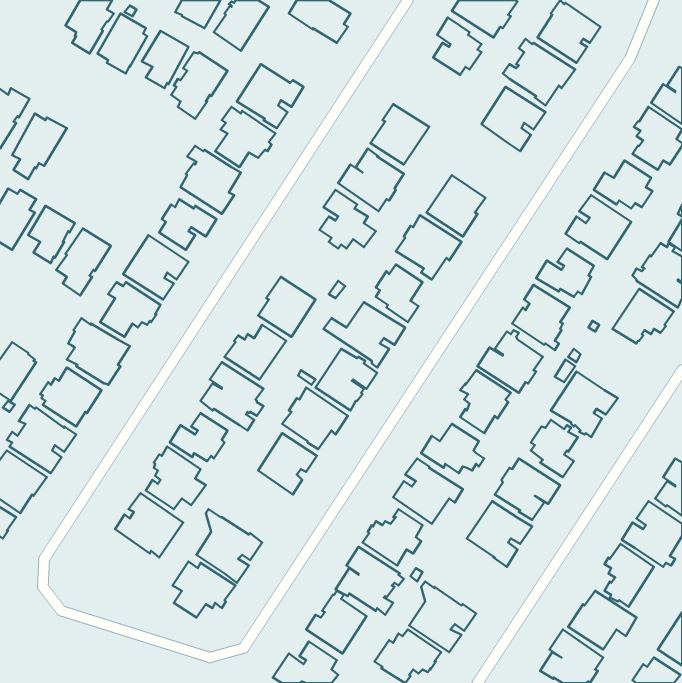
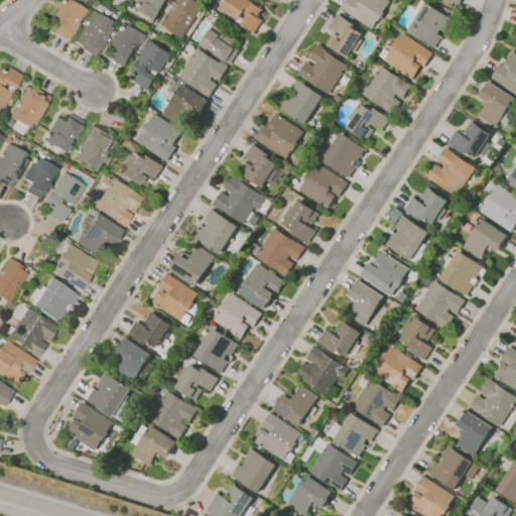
building: none -> [201,23,238,63]
building: none -> [297,44,348,94]
building: none -> [347,103,390,141]
building: none -> [42,114,83,153]
building: none -> [74,125,112,169]
building: none -> [213,174,267,224]
building: none -> [439,250,486,295]
building: none -> [171,363,219,401]
building: none -> [67,402,113,450]
building: none -> [327,412,379,458]

